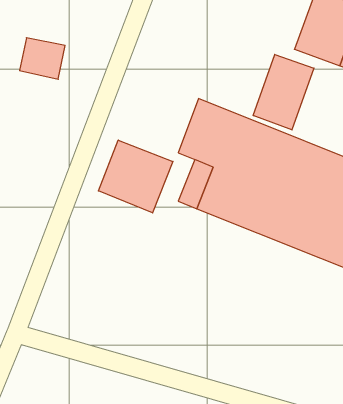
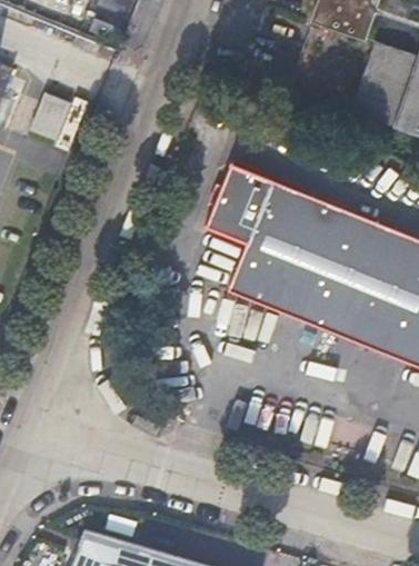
building: [253,54,314,130] -> none
building: [98,140,173,213] -> none

